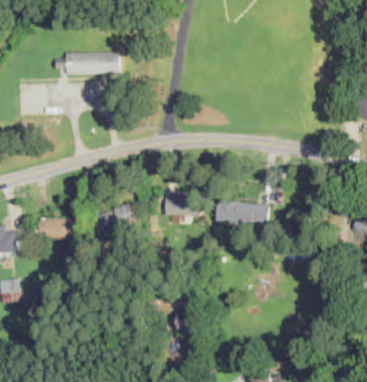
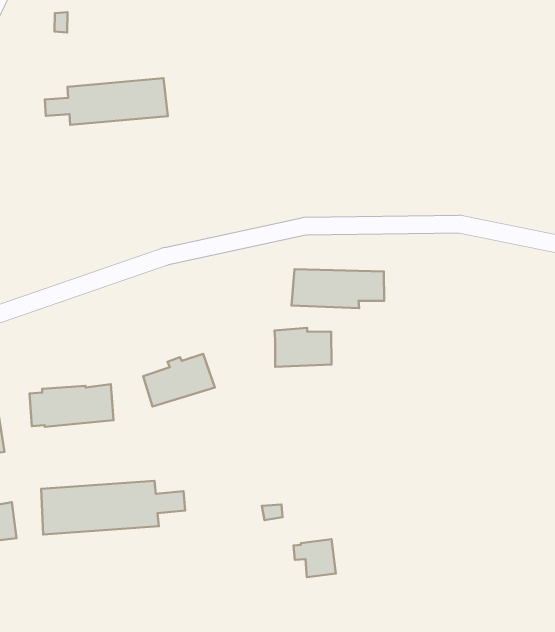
building: [216,201,268,225] -> [292,269,384,308]
building: none -> [41,481,185,534]

